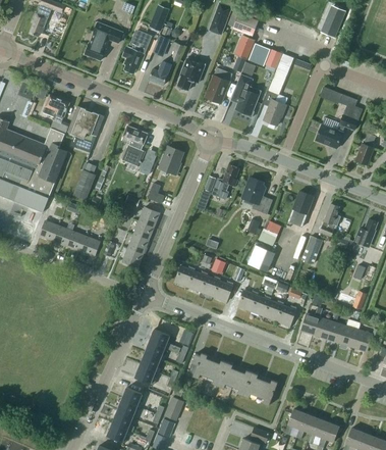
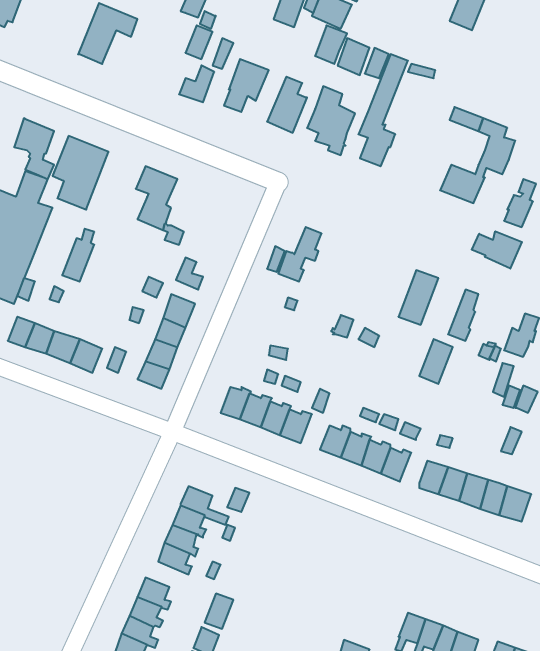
building: [123,31,151,73] -> none
building: [159,146,183,174] -> none
building: none -> [472,231,522,269]
building: [241,177,272,213] -> none
building: [247,245,275,271] -> none
building: [186,353,278,405] -> none

